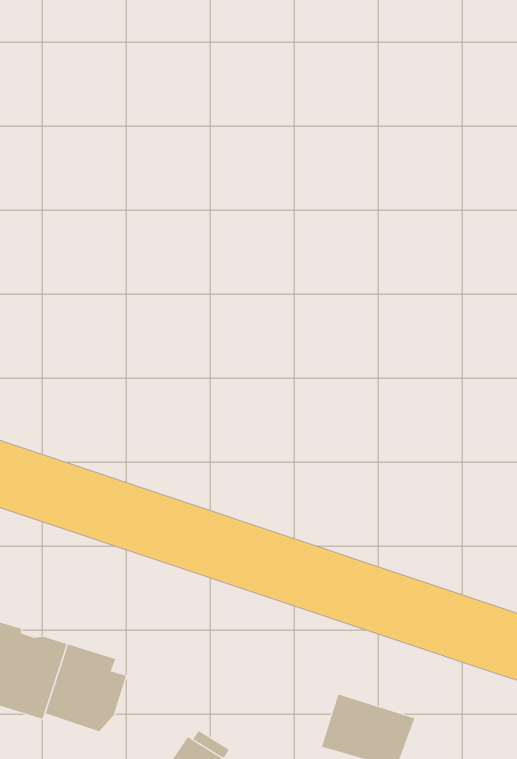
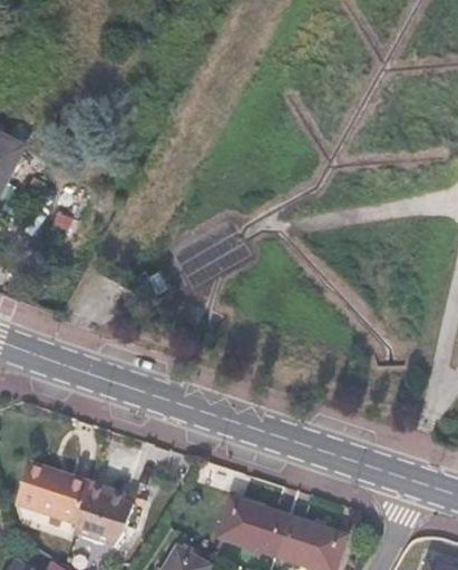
building: none -> [220,498,289,556]

